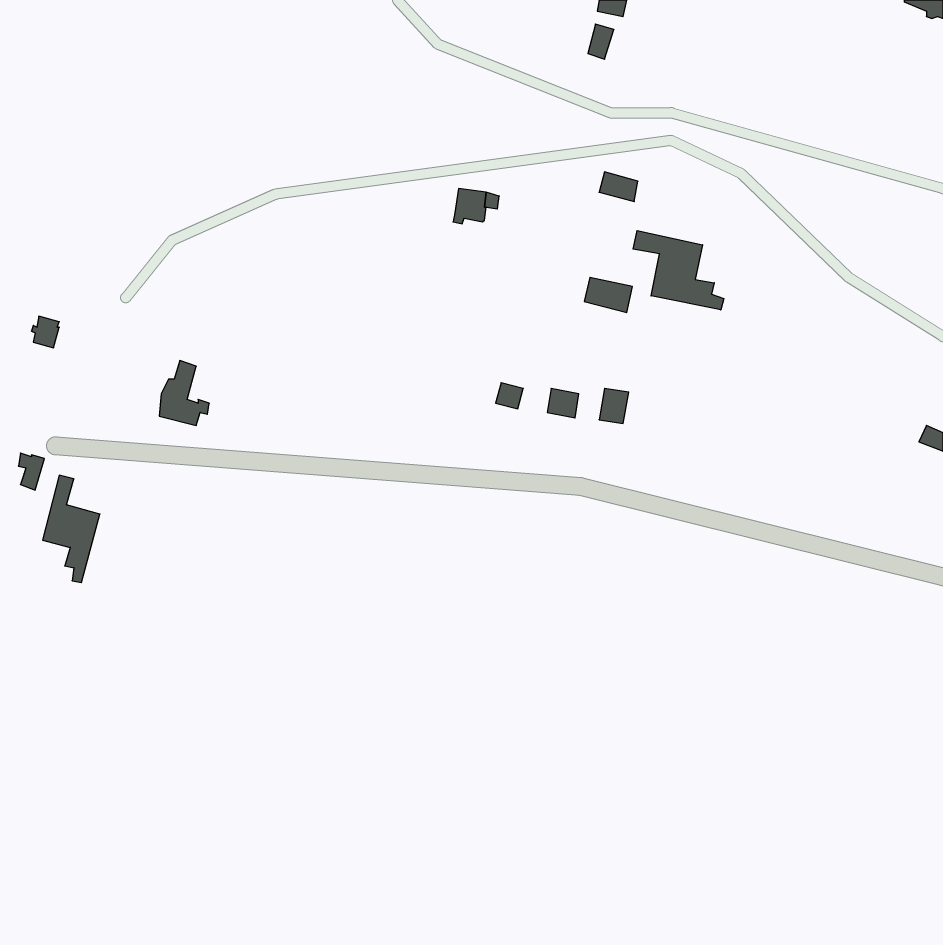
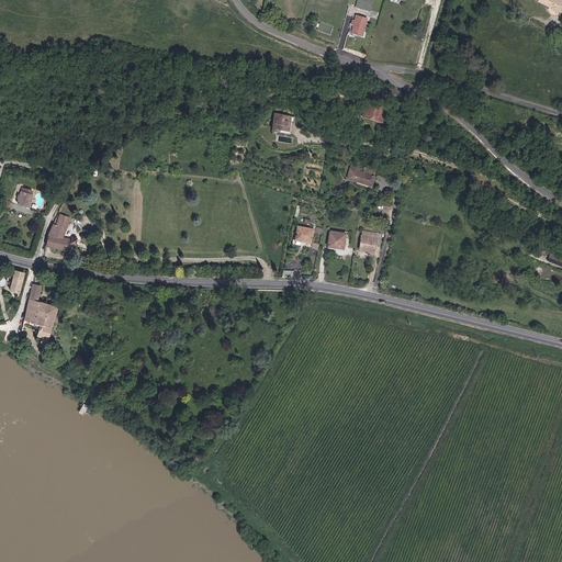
building: [633,231,724,310] -> none
building: [159,361,209,425] -> [49,213,79,251]

